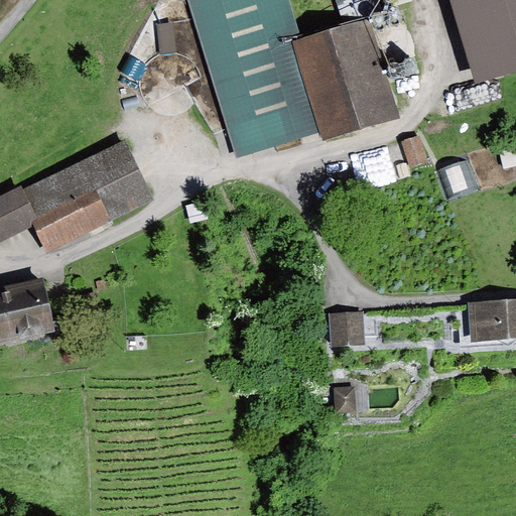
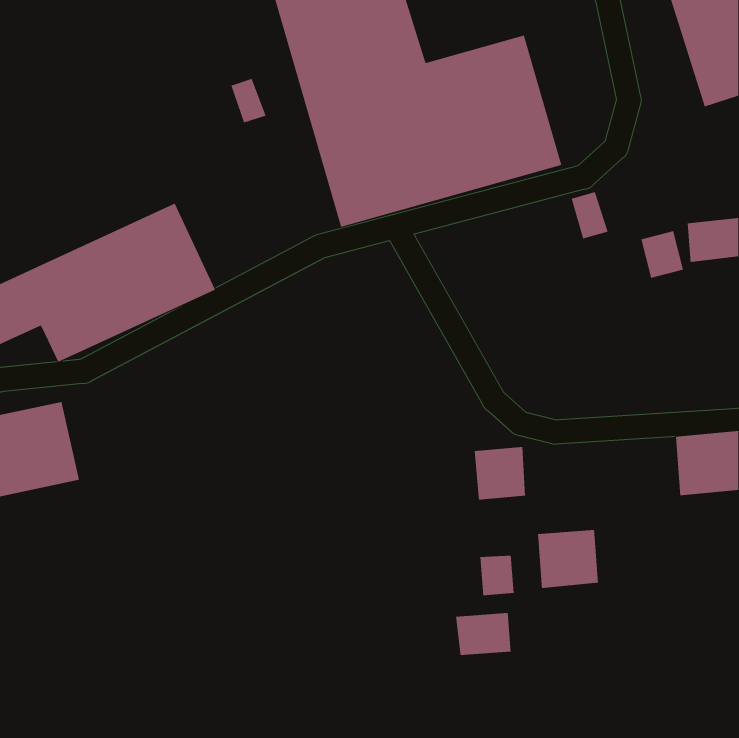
building: none -> [537,529,598,589]
building: none -> [456,612,511,656]

